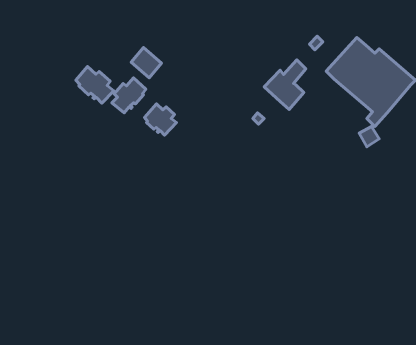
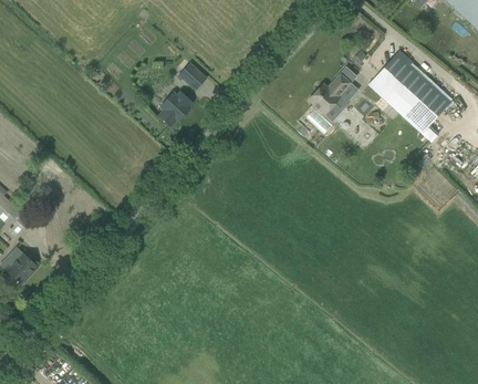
building: [76,67,114,103] -> none
building: [144,104,177,135] -> none

